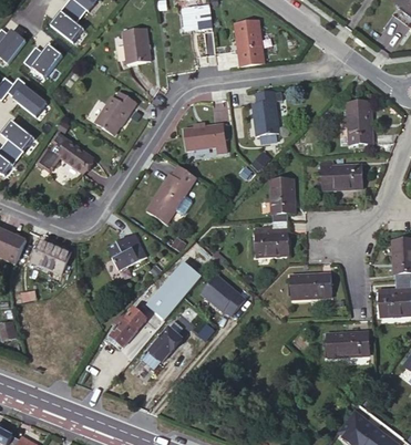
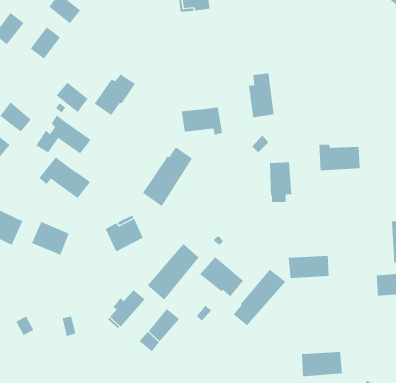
building: [234,21,263,65] -> none
building: [123,27,152,63] -> none
building: [12,84,45,116] -> [56,82,89,114]
building: [349,102,372,143] -> none
building: none -> [39,157,91,199]
building: [256,220,289,255] -> none
building: none -> [233,269,286,326]
building: [328,331,370,356] -> [301,351,343,377]

